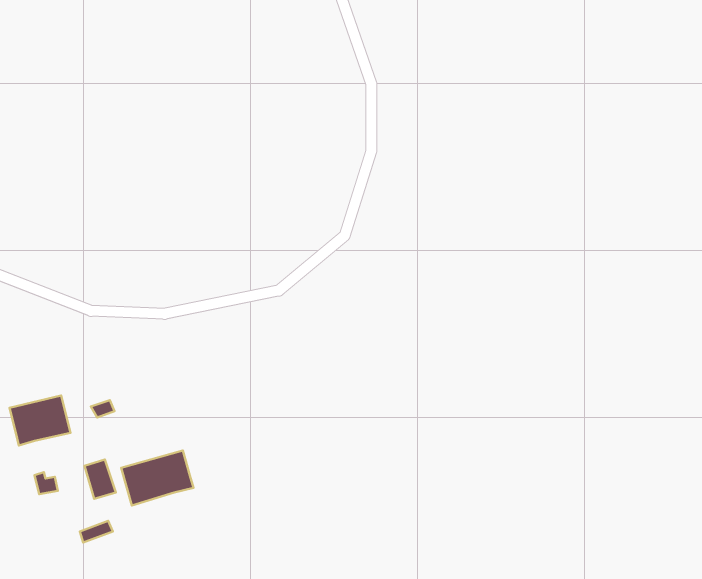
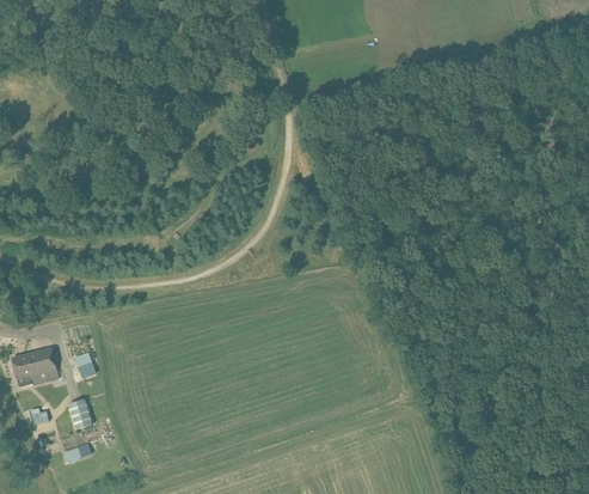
building: [121,450,193,505] -> none

